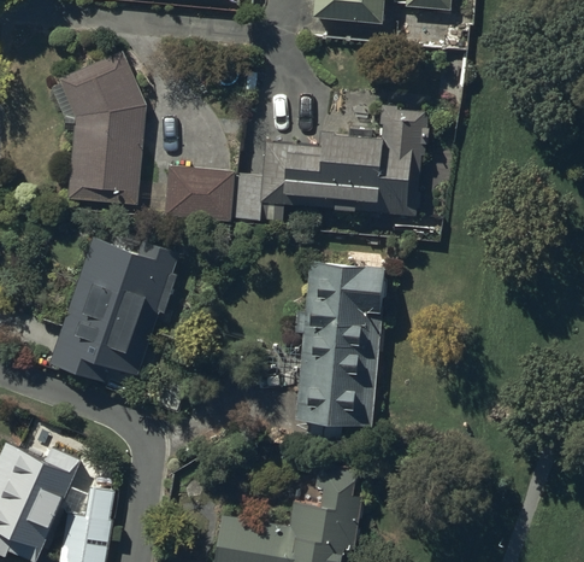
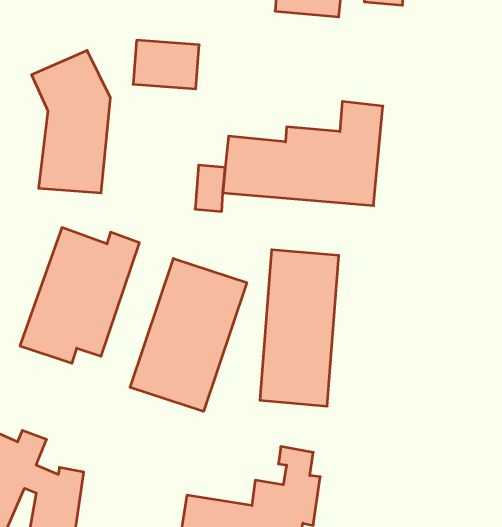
building: [166,169,235,219] -> [133,40,199,89]
building: none -> [130,258,247,411]

